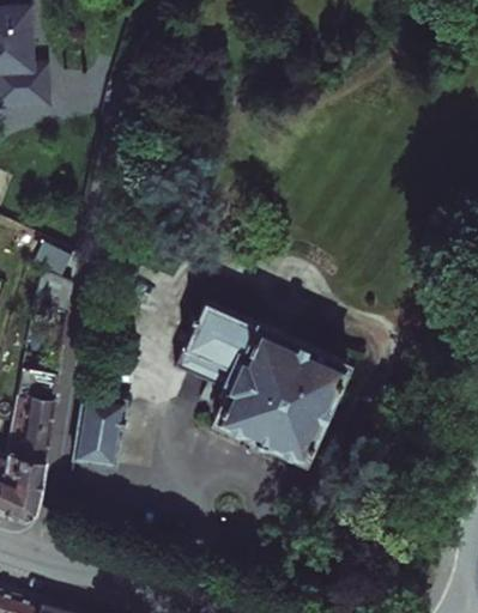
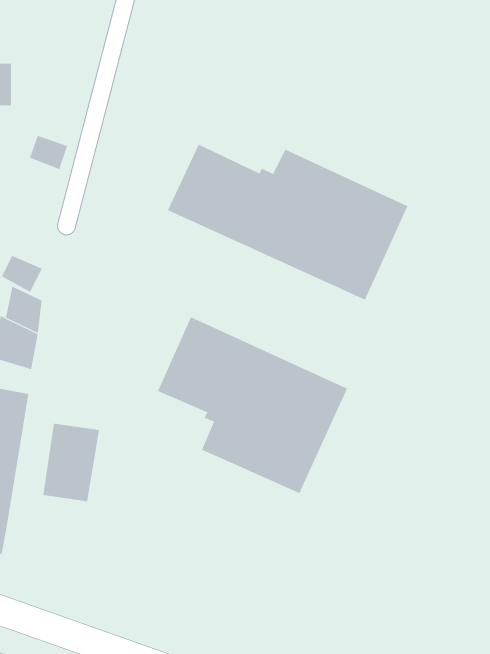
building: none -> [167,144,408,301]

